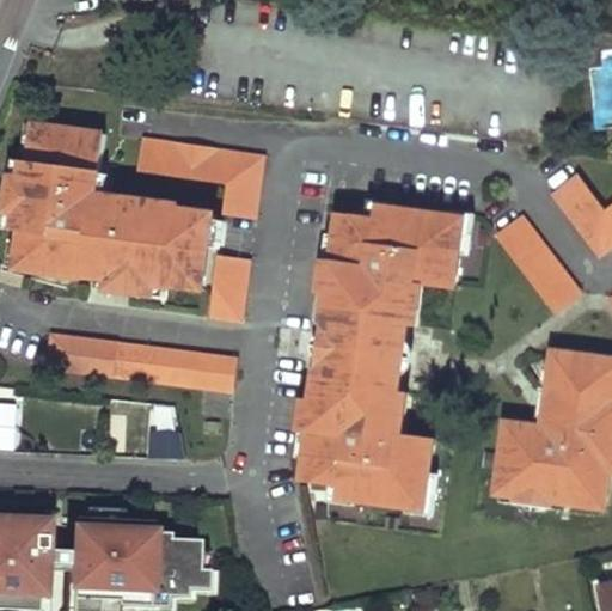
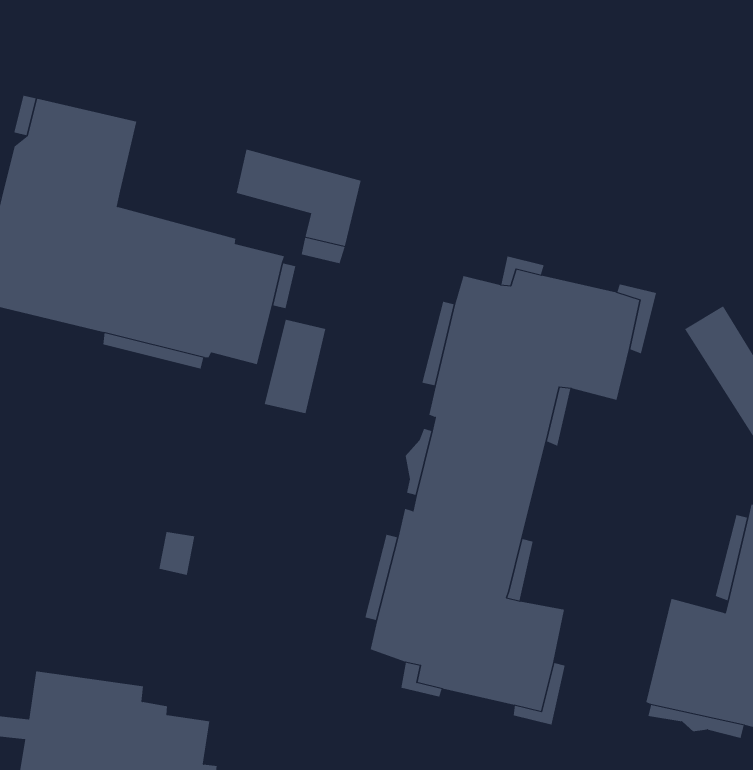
building: [139,139,180,175] -> none
building: [47,334,237,391] -> none

